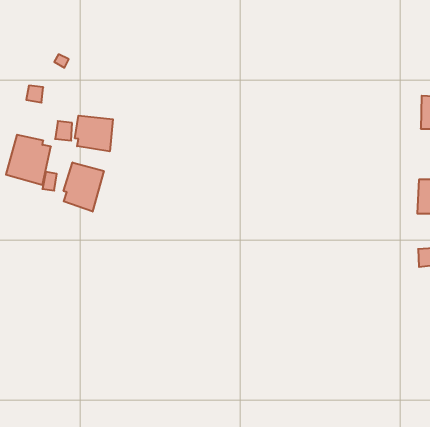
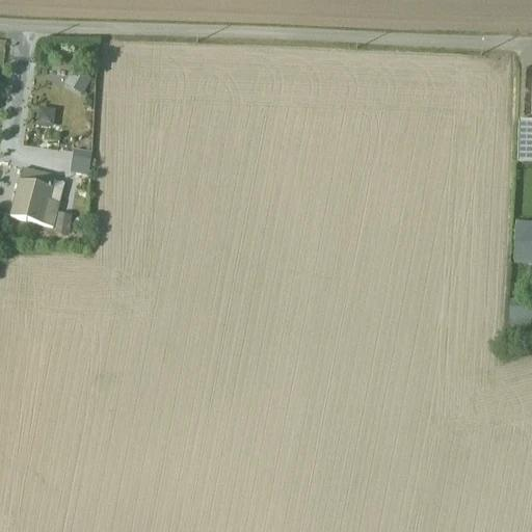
building: [75,116,113,151] -> none
building: [64,162,104,212] -> none

